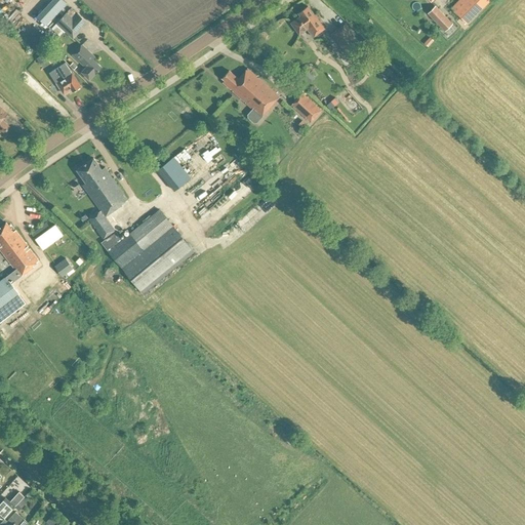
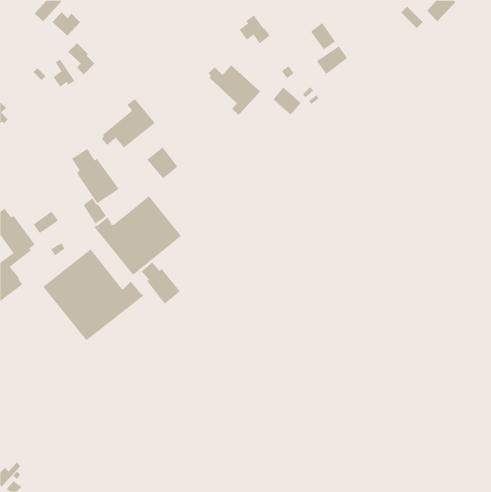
building: [290,6,324,38] -> [239,14,271,44]
building: none -> [316,46,348,75]
building: none -> [101,98,155,149]
building: none -> [43,248,144,341]
building: none -> [141,261,181,304]

